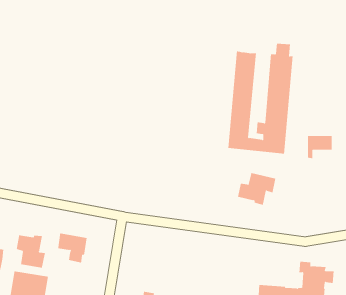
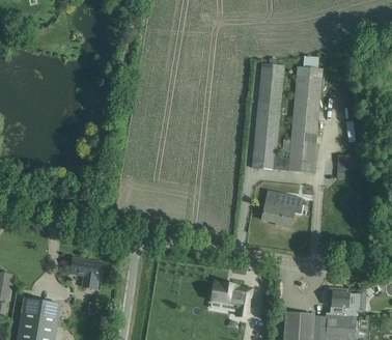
building: [16,234,45,269] -> none
building: none -> [212,282,252,317]

